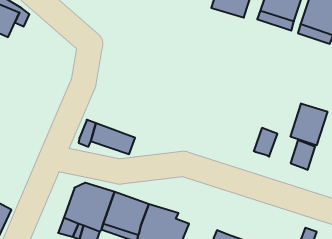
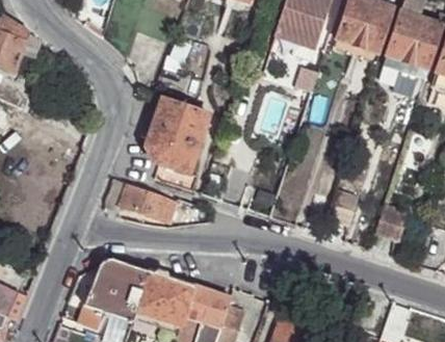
building: none -> [149,97,209,170]
building: [291,103,327,145] -> none

